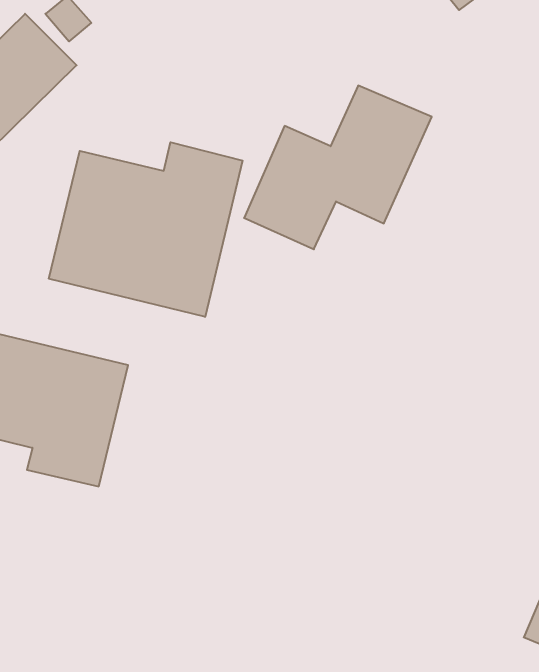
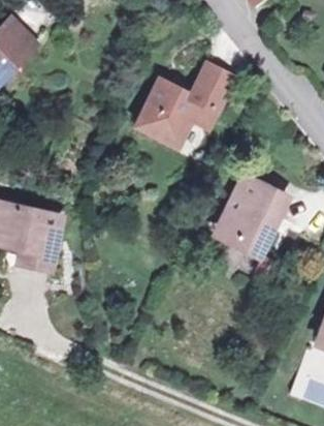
building: [49,142,243,317] -> none
building: none -> [206,171,295,271]

